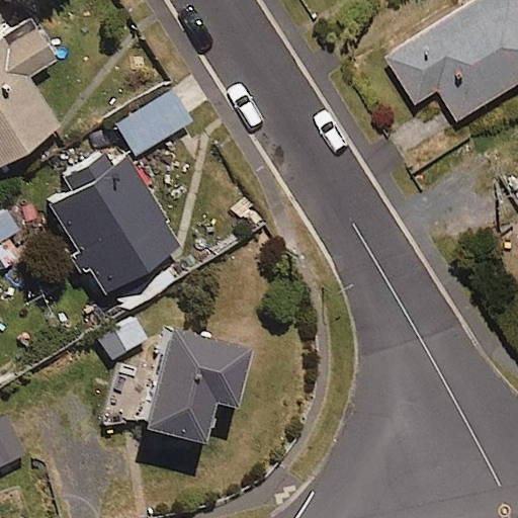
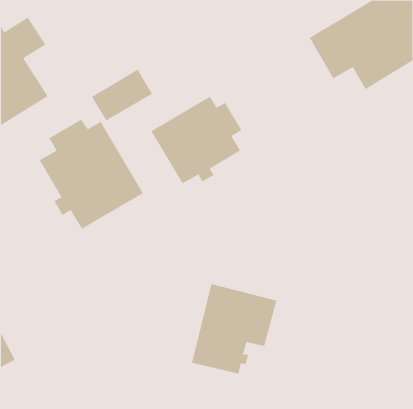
building: none -> [151,96,242,184]
building: [144,328,251,441] -> [191,284,277,374]

